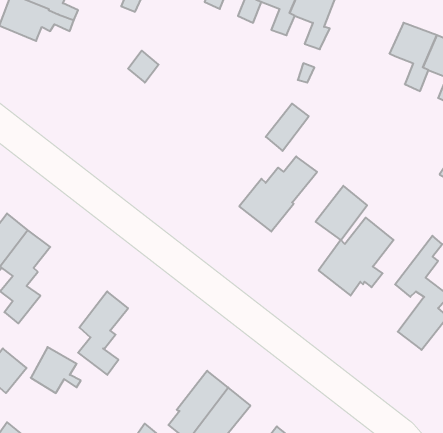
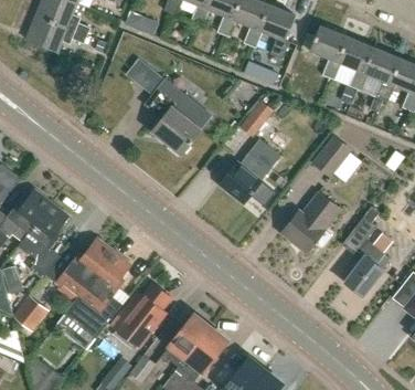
building: none -> [309,24,348,80]
building: none -> [143,78,211,154]
building: [316,186,367,240] -> [310,135,351,178]
building: none -> [61,236,113,284]
building: none -> [110,282,169,345]

